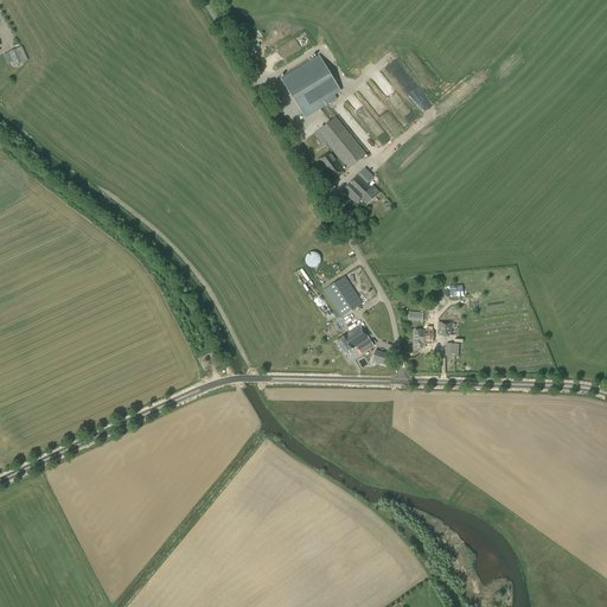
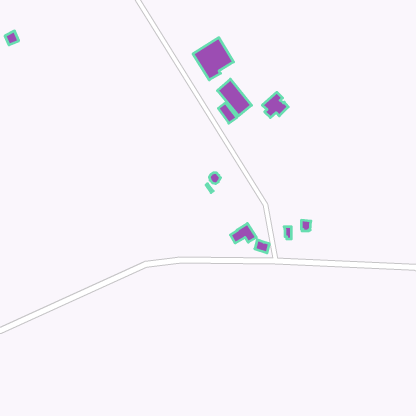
building: [341,171,379,207] -> [262,92,288,118]
building: [324,275,363,317] -> none

